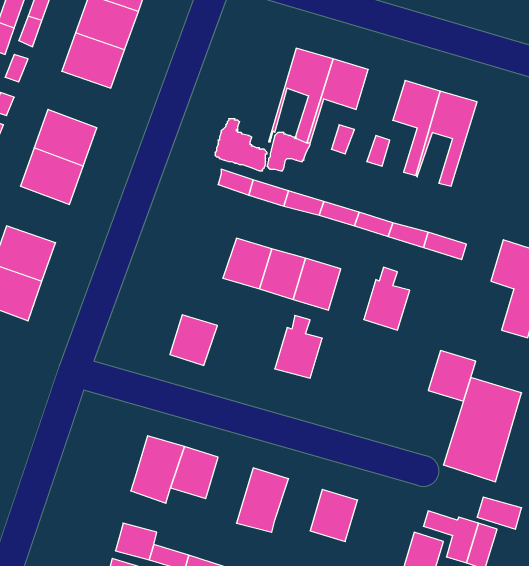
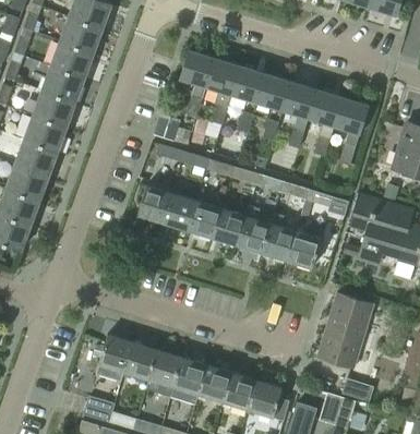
building: none -> [178,50,213,124]
building: none -> [255,73,290,109]
building: none -> [36,74,81,114]
building: none -> [323,96,368,165]
building: none -> [7,156,51,196]
building: [170,315,217,365] -> [136,185,170,221]
building: [275,315,322,378] -> [236,206,269,251]
building: [428,351,476,401] -> [285,230,319,266]
building: none -> [147,349,182,396]
building: none -> [197,364,231,401]
building: none -> [248,379,289,420]

